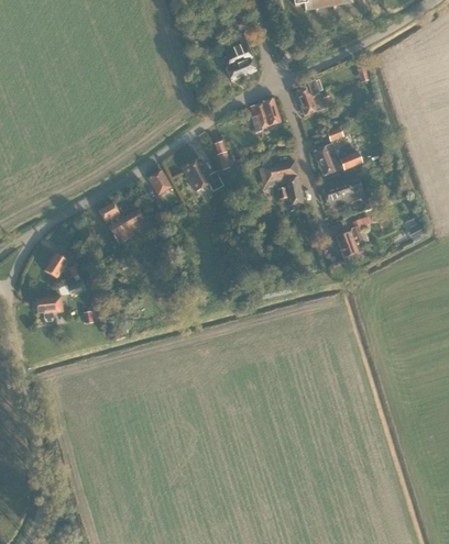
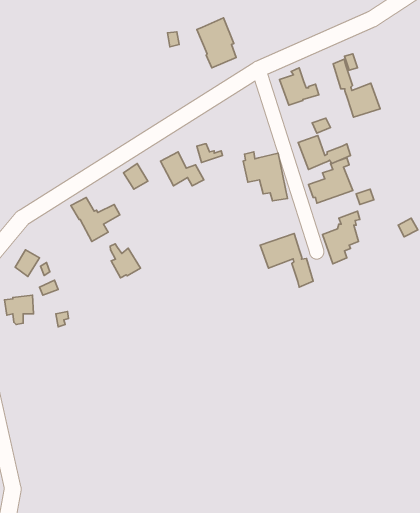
building: none -> [333,59,380,117]
building: [250,98,281,131] -> none
building: none -> [260,234,313,287]
building: none -> [110,244,141,278]

